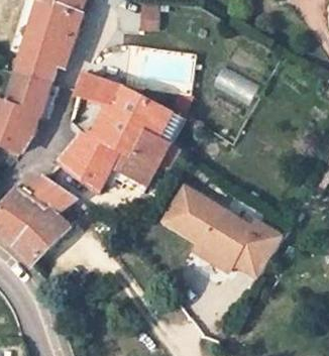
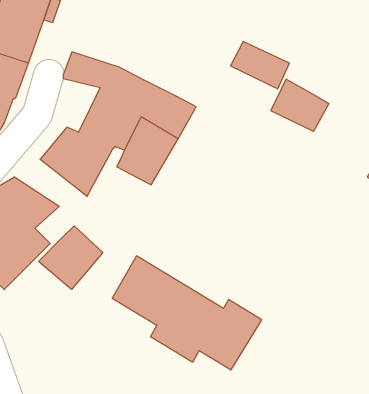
building: none -> [271,79,329,131]
building: [163,186,282,275] -> [112,256,262,370]
building: none -> [39,226,103,289]

